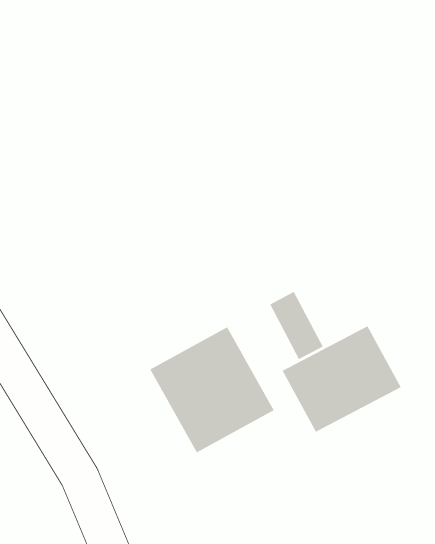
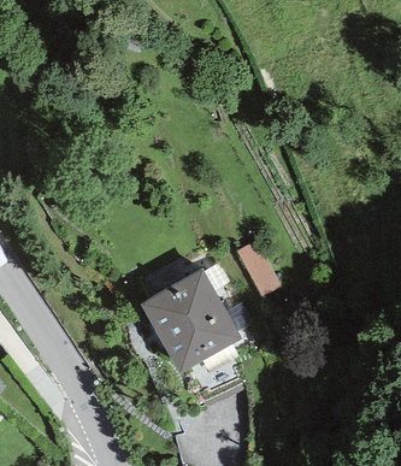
building: [281,325,402,433] -> none

